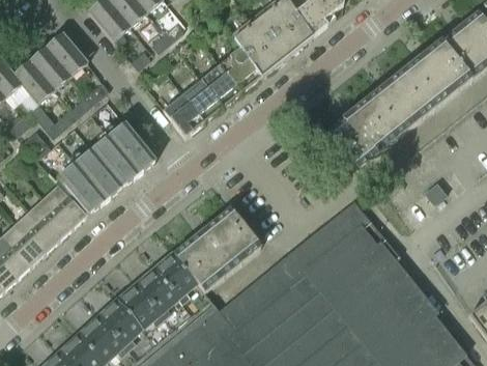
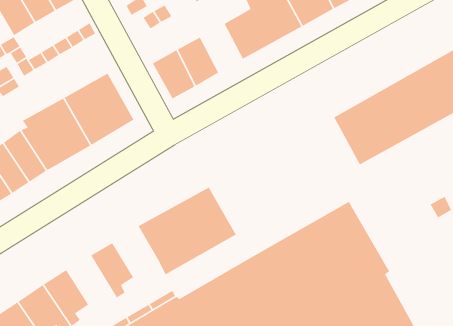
building: [201,63,241,107] -> none
building: [153,252,197,304] -> none
building: [117,284,165,328] -> none

